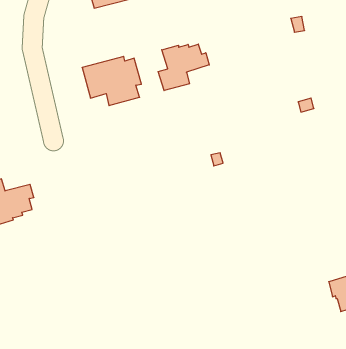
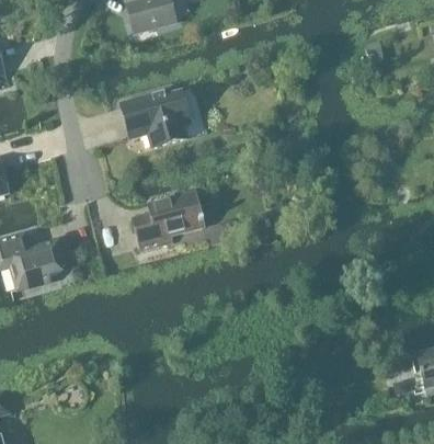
building: [158,44,209,91] -> none
building: none -> [133,192,204,249]

